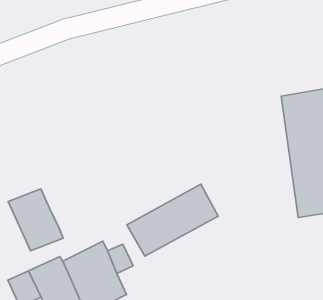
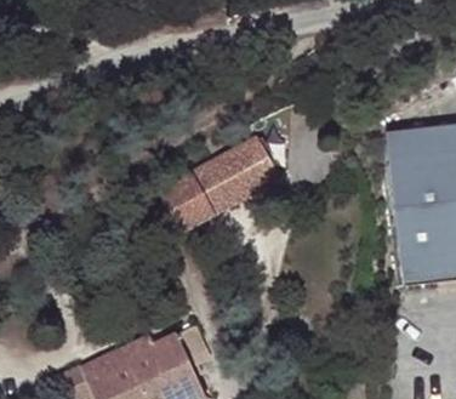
building: [127,184,218,256] -> [156,142,273,234]
building: [8,189,63,251] -> none

